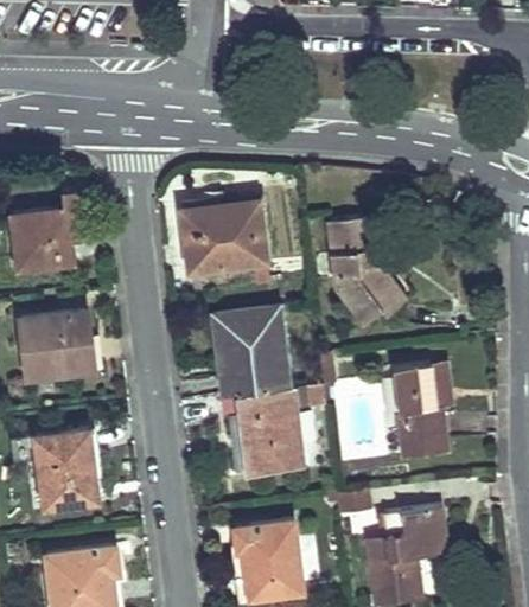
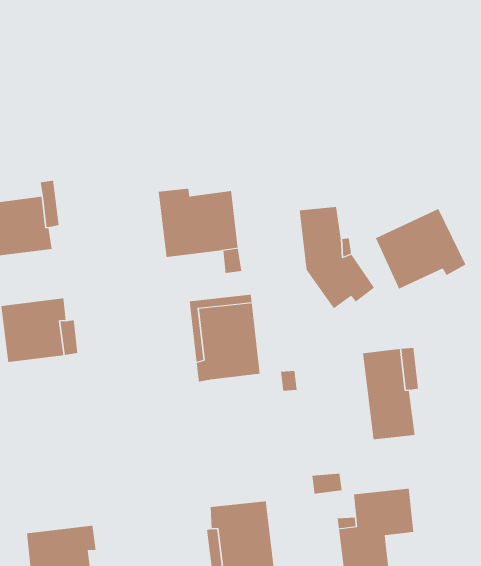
building: none -> [375,208,466,290]
building: [230,391,302,475] -> none
building: [36,430,98,507] -> none

